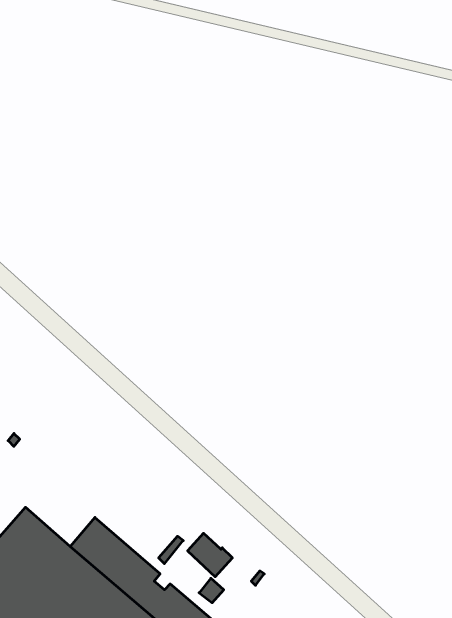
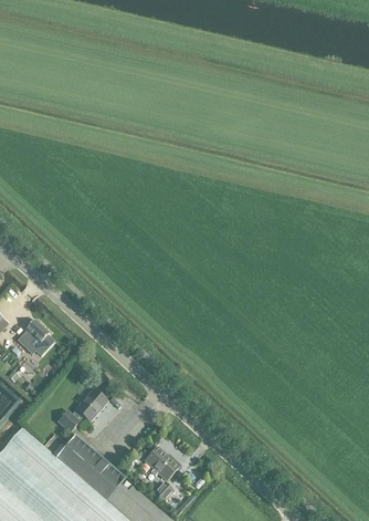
building: none -> [18,320,53,355]
building: none -> [57,389,107,431]

